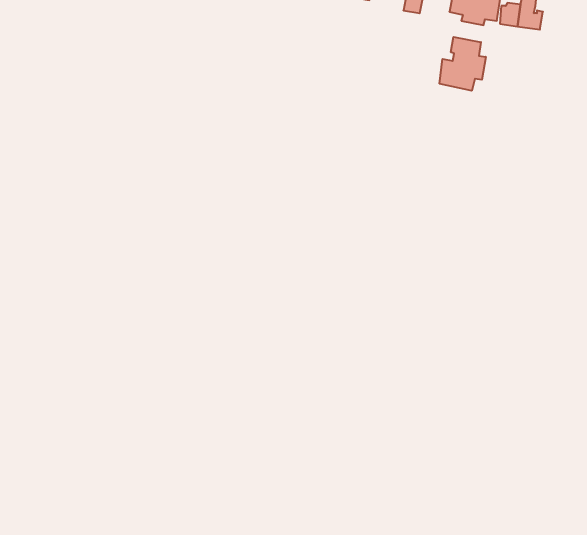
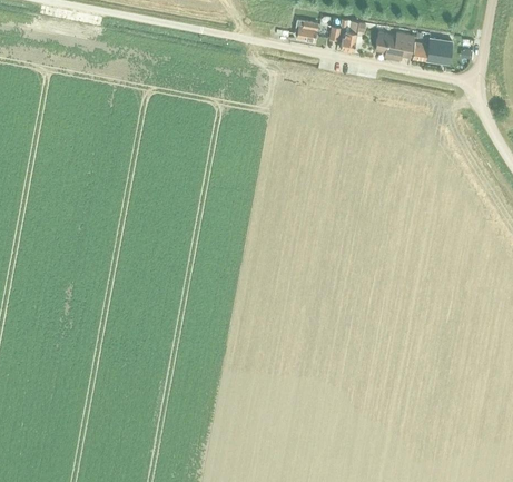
building: [440,37,486,91] -> none

